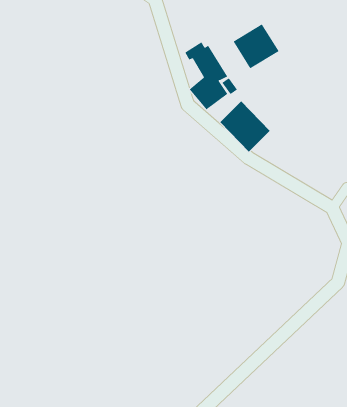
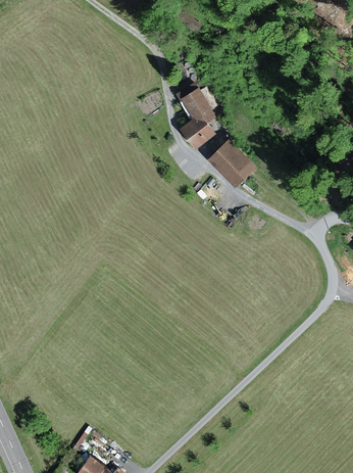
building: [233,24,279,69] -> none

